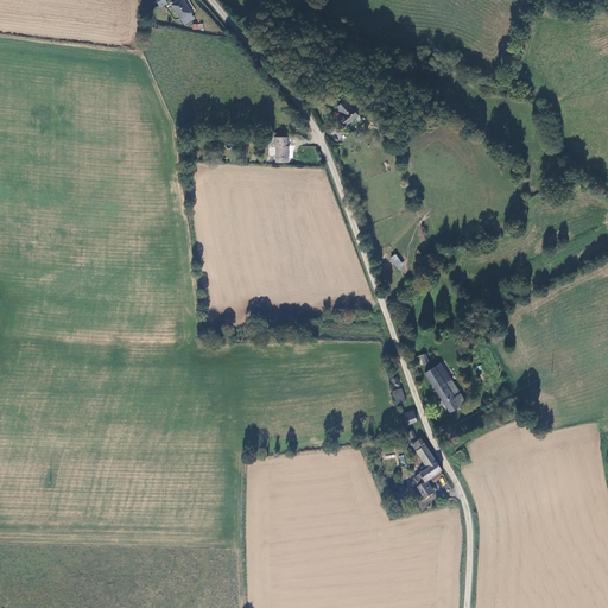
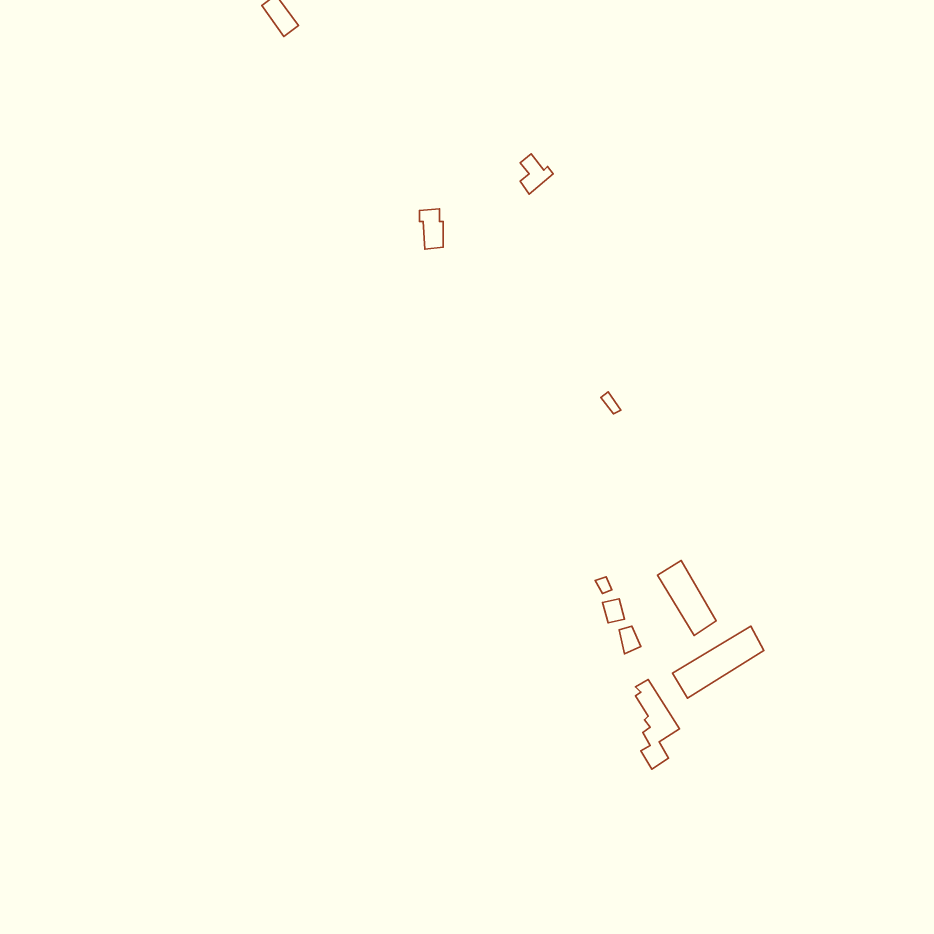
building: none -> [673,626,764,698]

